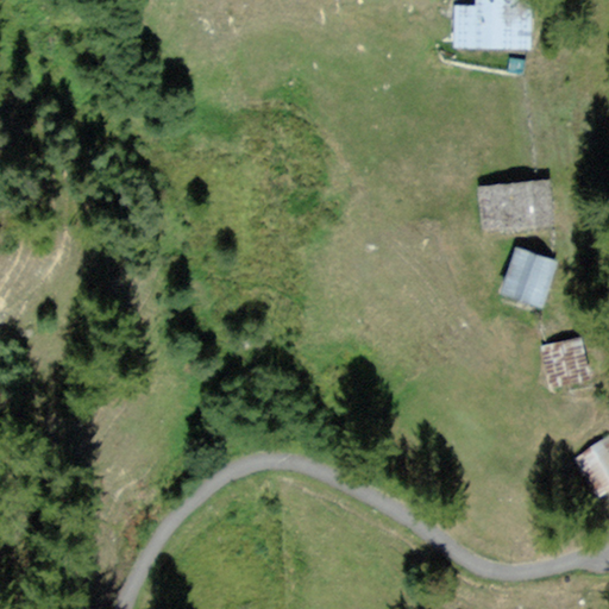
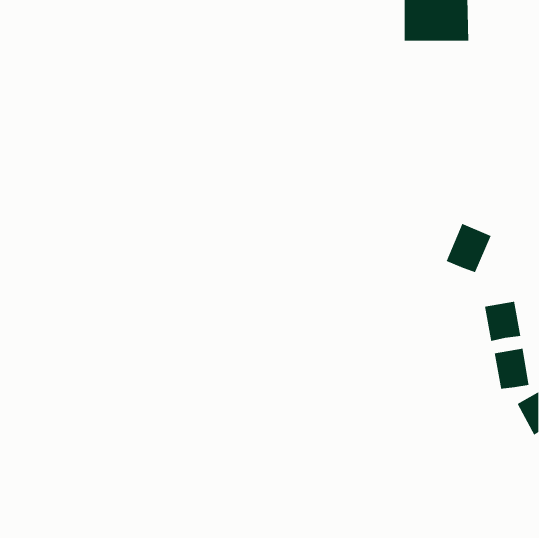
building: [481,178,554,224] -> none
building: none -> [494,348,529,390]

